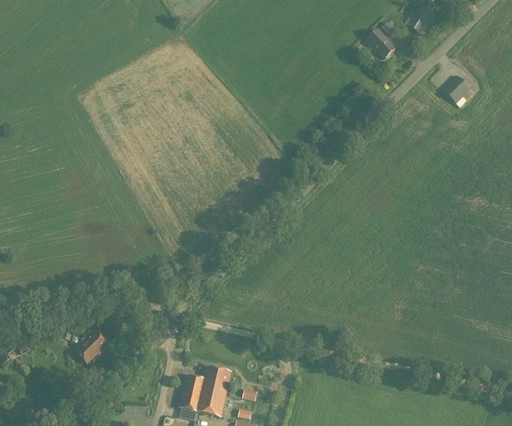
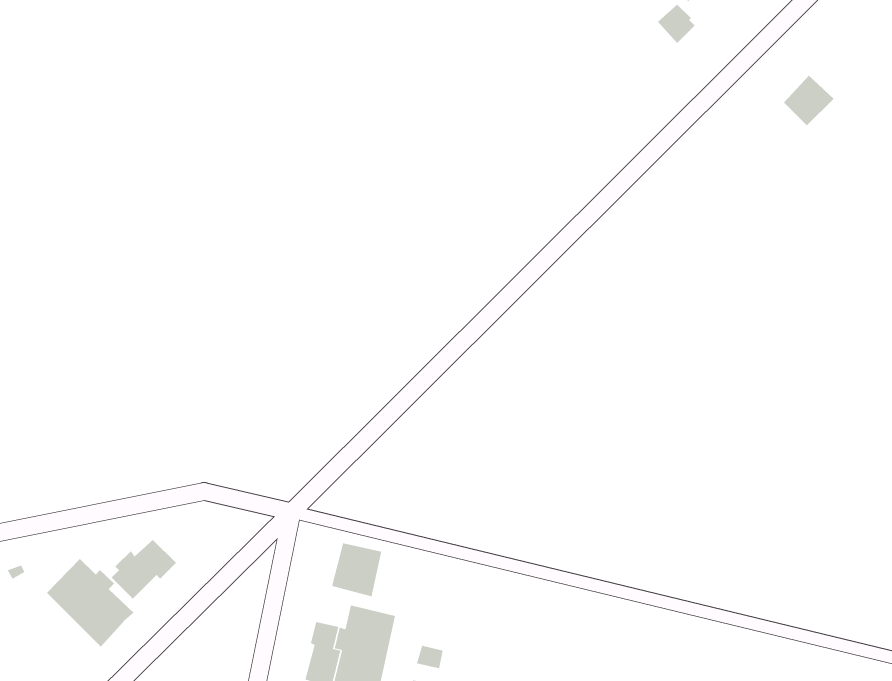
building: none -> [331,542,382,597]
building: none -> [46,558,135,648]

